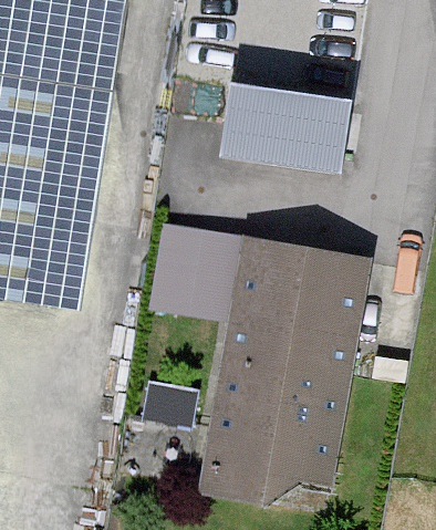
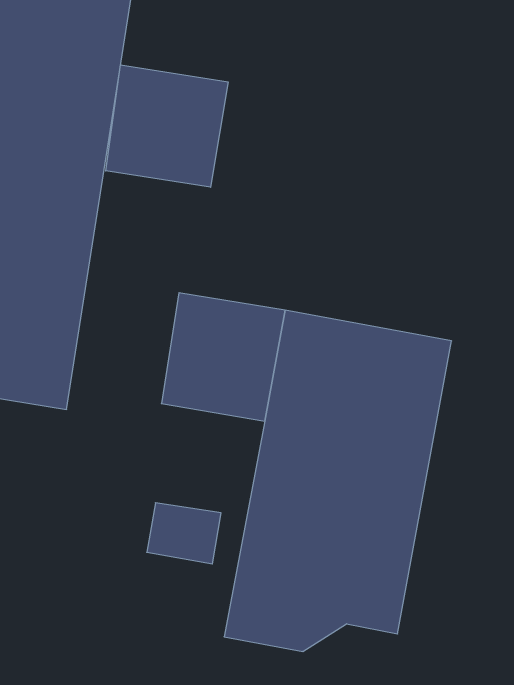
building: none -> [106,65,228,187]
building: [222,85,344,174] -> none

